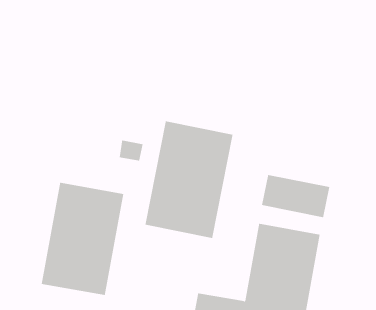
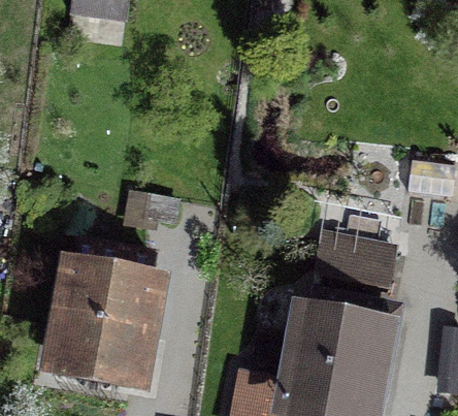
building: [145,120,233,239] -> none

